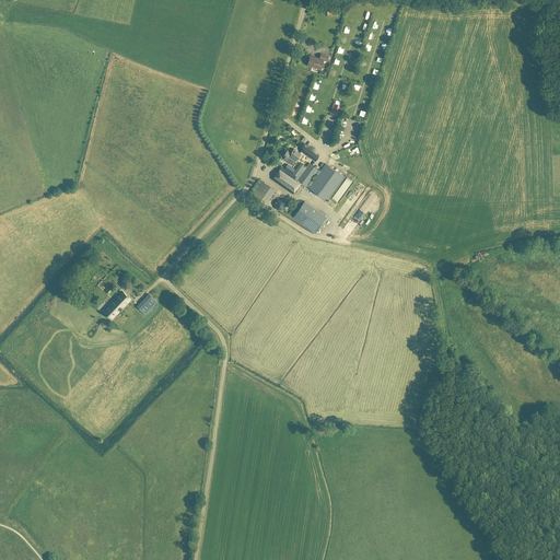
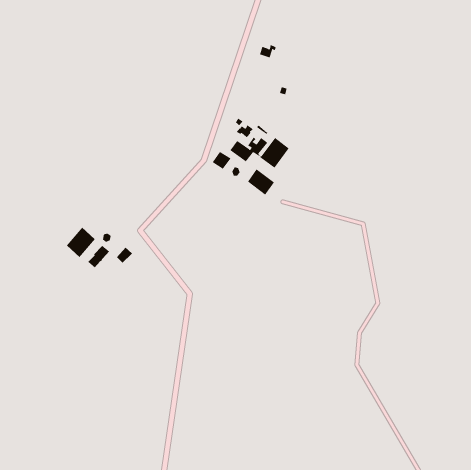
building: none -> [66,227,96,258]

